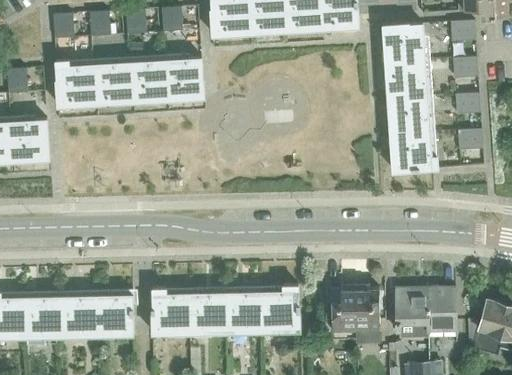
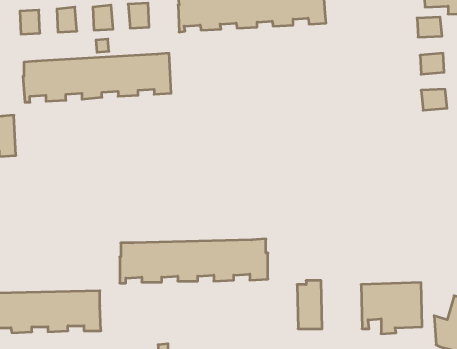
building: [383,23,433,172] -> none
building: [456,129,482,150] -> none
building: [354,283,382,342] -> none
building: [152,290,300,334] -> [120,239,268,283]

